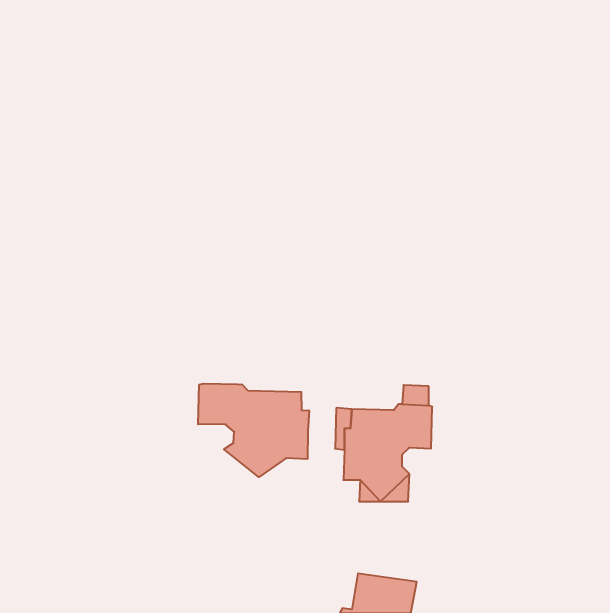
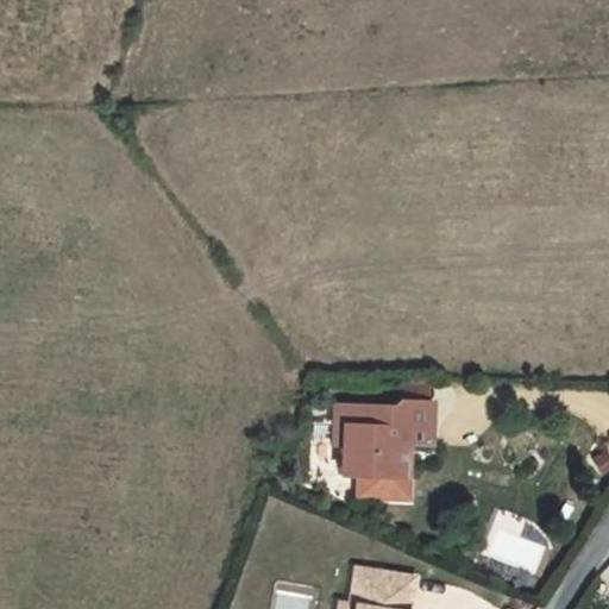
building: [198,384,309,477] -> none

